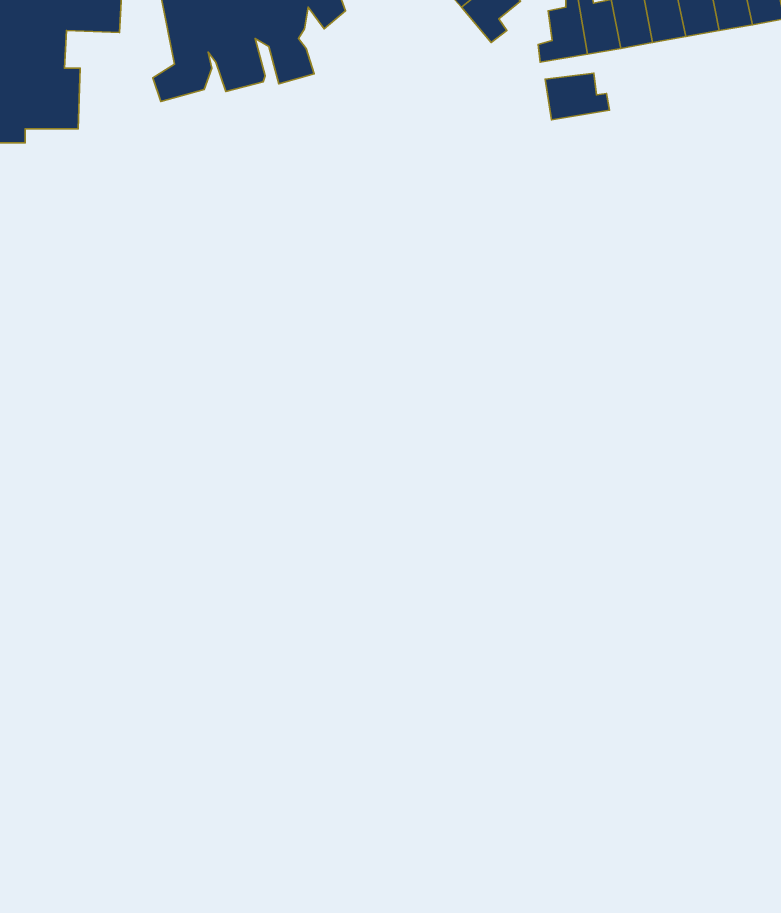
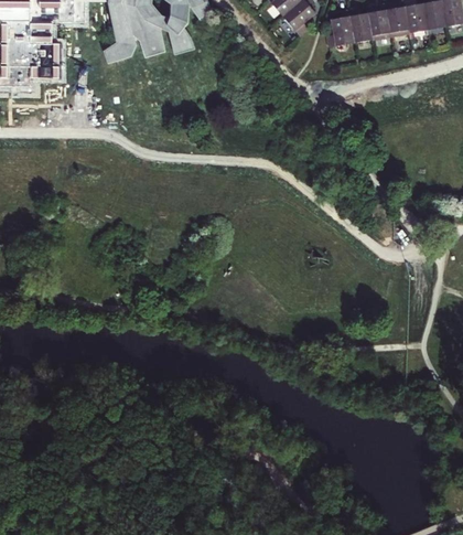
building: [545,73,609,120] -> none

